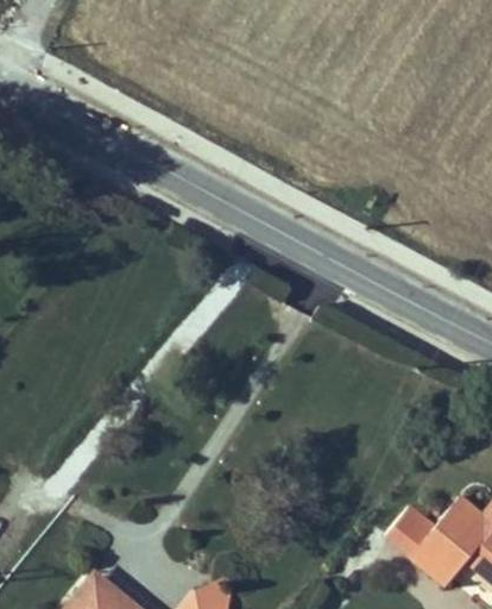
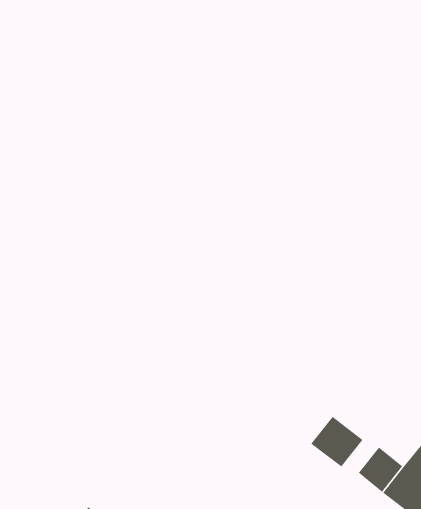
building: none -> [310,416,364,468]

